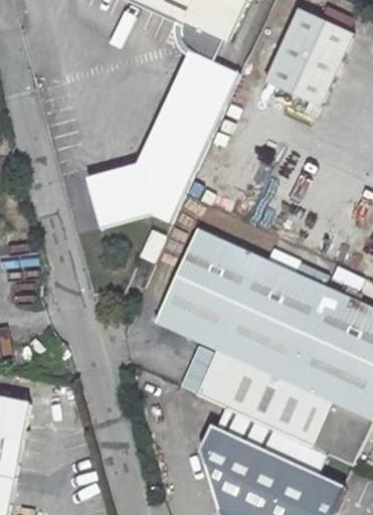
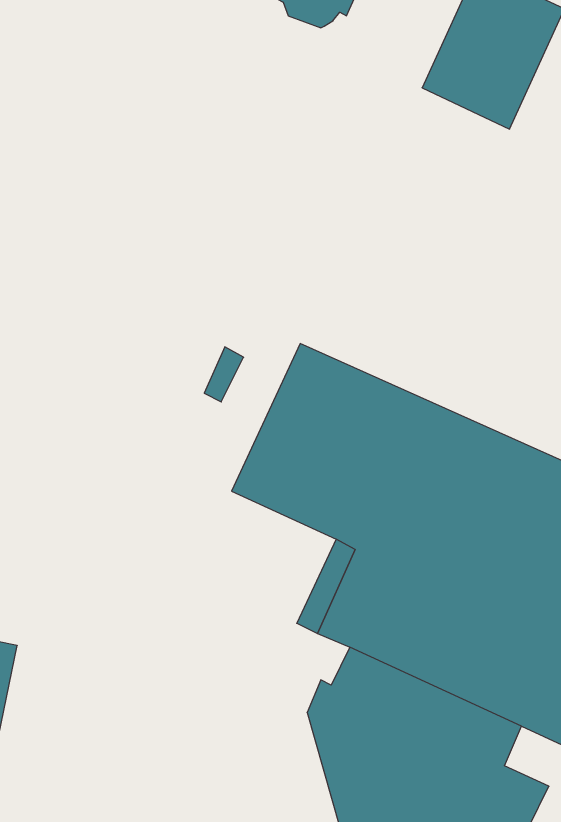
building: [85,49,234,227] -> none

